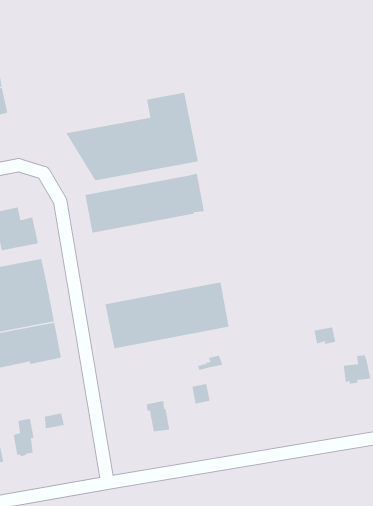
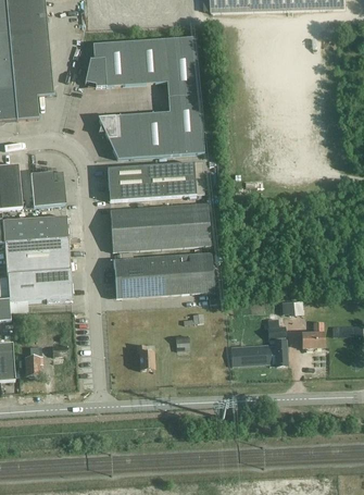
building: none -> [85,36,200,96]
building: none -> [110,202,210,251]
building: none -> [230,318,288,366]

